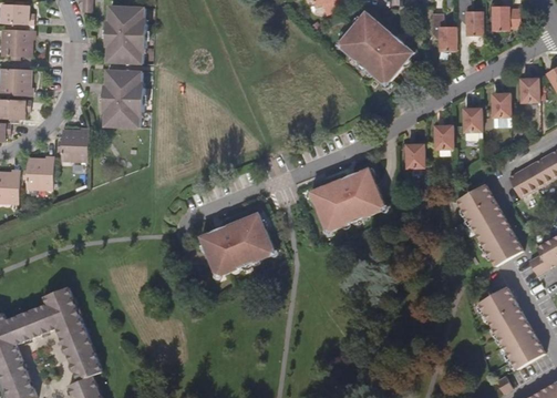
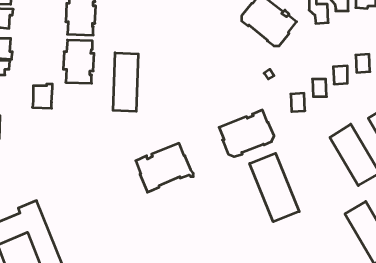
building: none -> [113,53,138,111]
building: [28,159,53,192] -> none
building: none -> [250,153,299,222]

